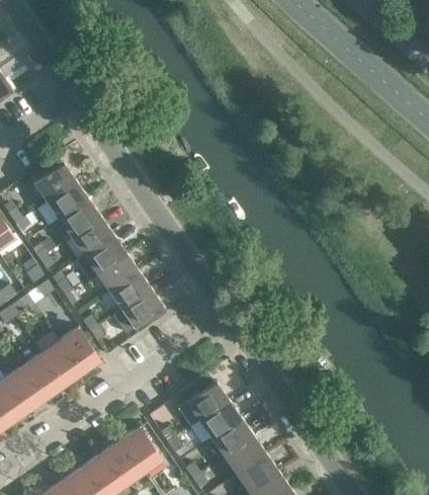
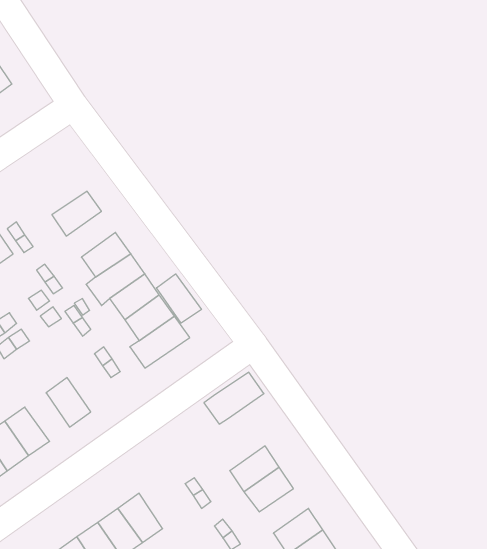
building: [32,163,76,202] -> none
building: [58,199,100,239] -> none
building: none -> [156,274,201,323]
building: [59,329,97,372] -> none
building: [22,355,61,397] -> none
building: [177,383,229,427] -> [204,372,264,424]
building: [120,427,161,472] -> none
building: [224,437,266,476] -> none

